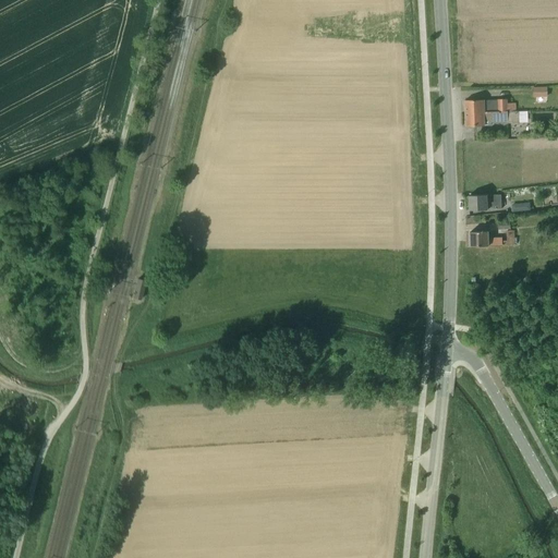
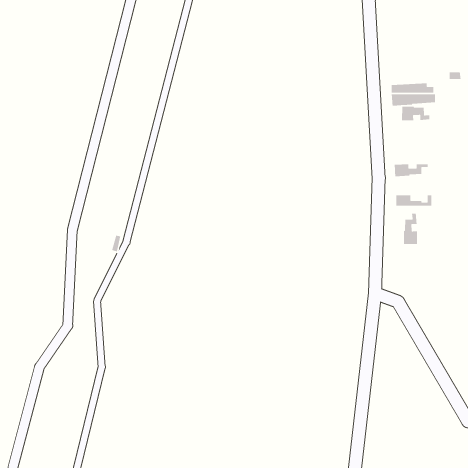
building: none -> [401,106,430,121]
building: none -> [403,213,418,245]

